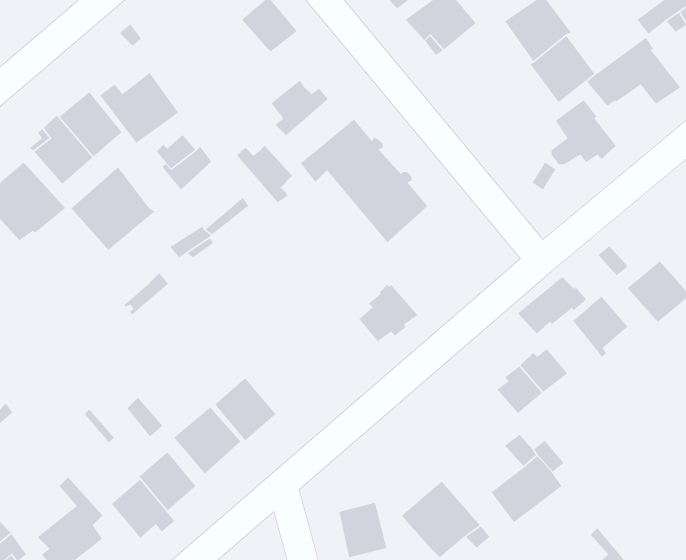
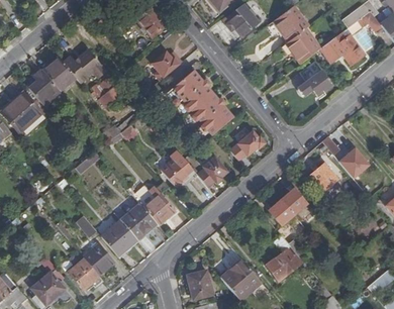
building: [236,145,293,203] -> none
building: [70,166,156,251] -> none
building: none -> [155,150,197,190]
building: [517,276,587,335] -> [228,130,265,161]
building: none -> [131,184,175,224]

